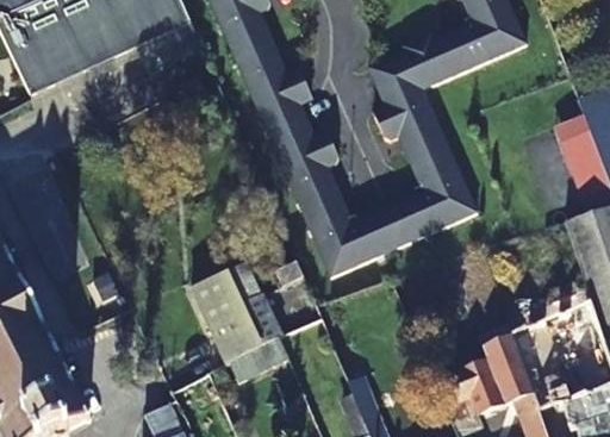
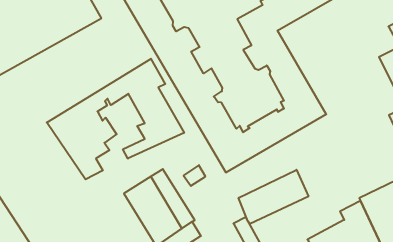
building: none -> [47,59,184,179]
building: none -> [239,170,308,224]

